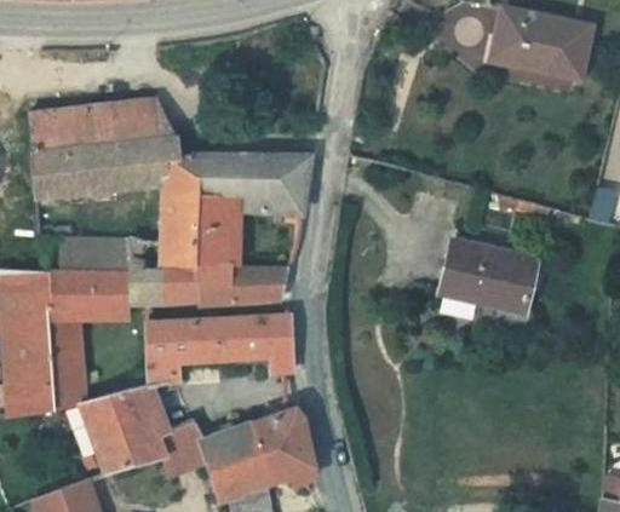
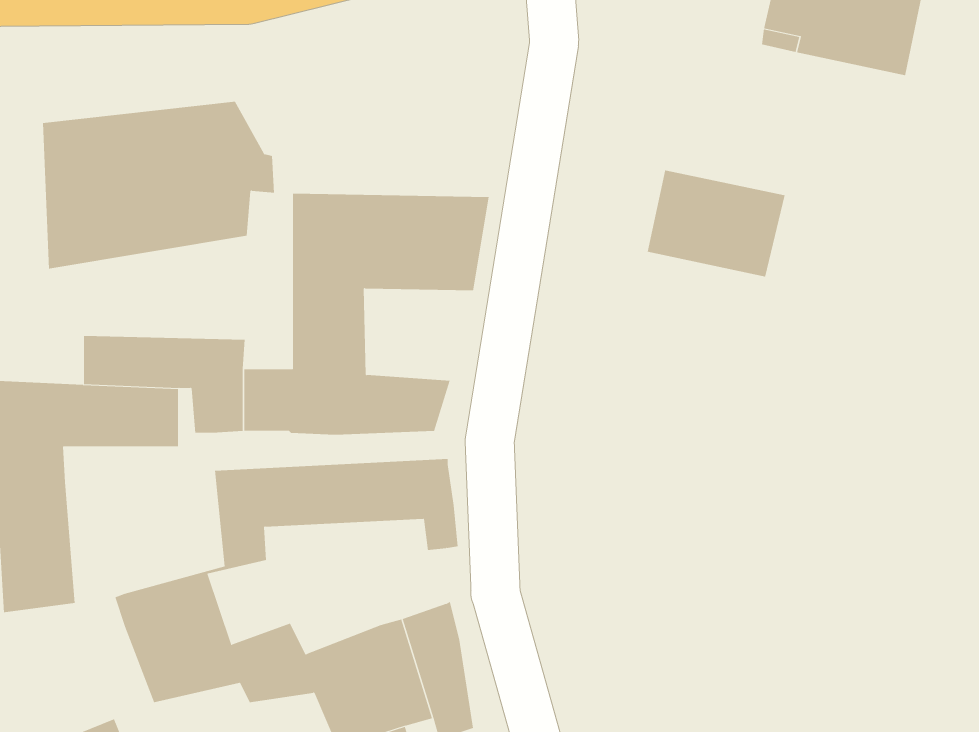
building: [162,153,193,263] -> none
building: [452,242,538,309] -> [647,170,785,277]
building: [52,332,88,408] -> none

